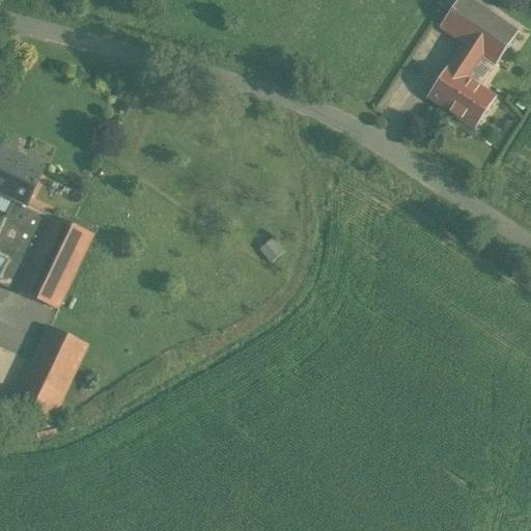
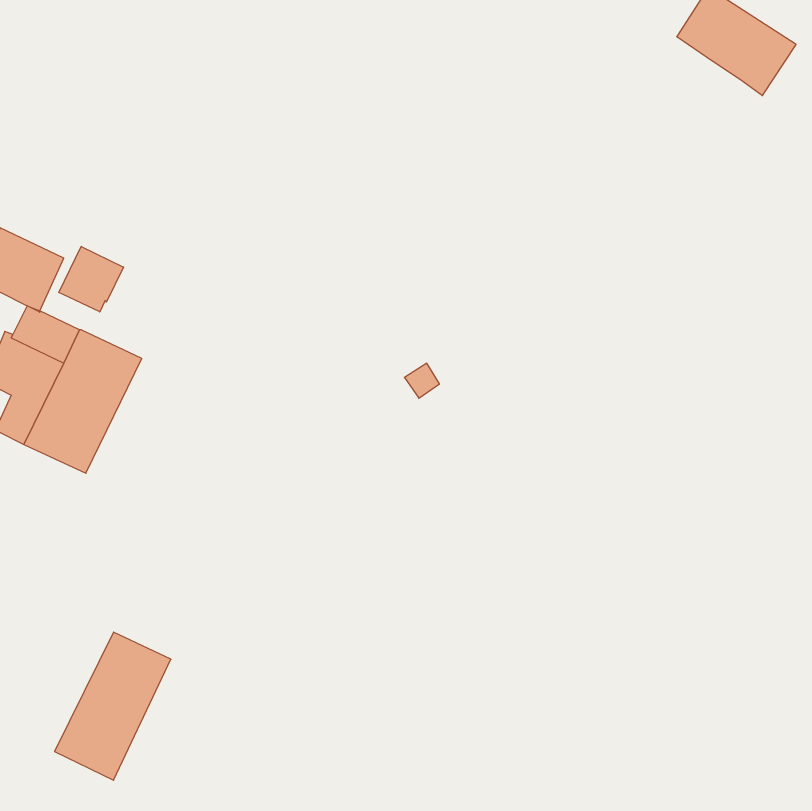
building: [427,39,494,125] -> none
building: none -> [59,246,124,312]
building: [10,325,86,421] -> [55,632,171,780]

